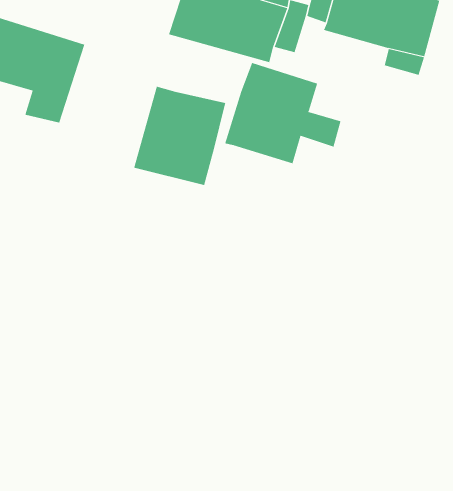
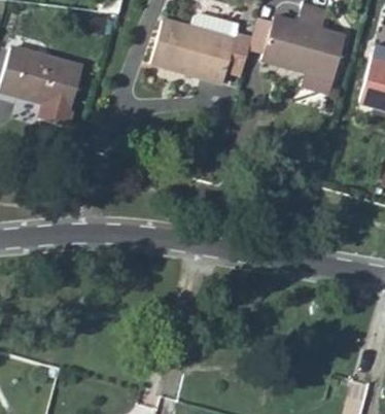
building: [225,62,341,164] -> none
building: [134,86,226,186] -> none

